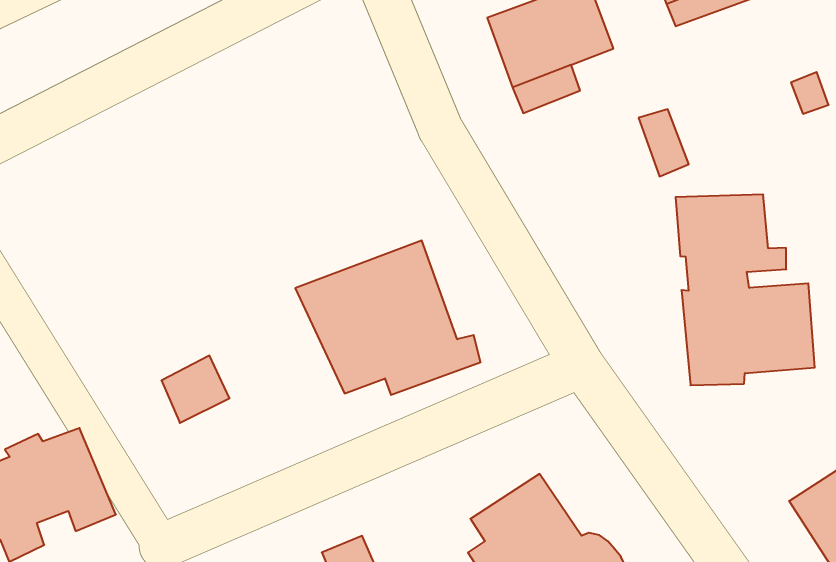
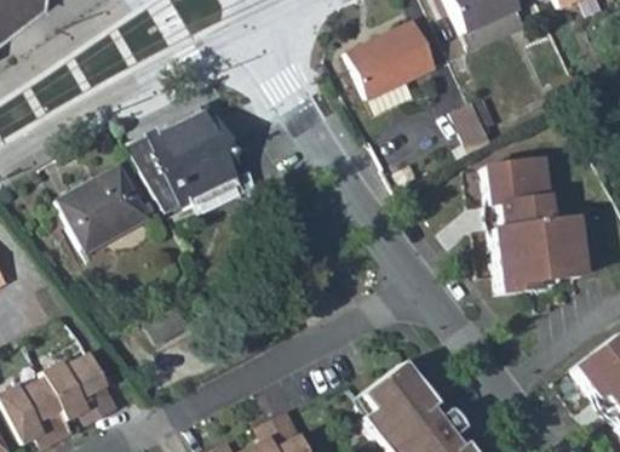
building: none -> [58,165,154,247]
building: [295,240,481,395] -> [126,105,256,213]

